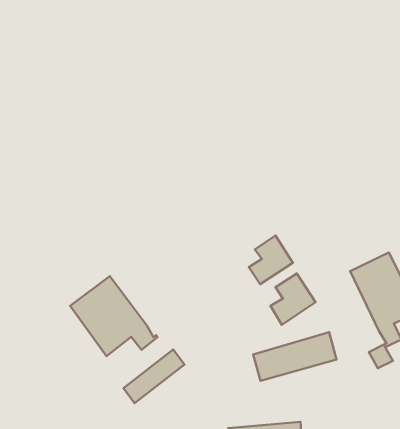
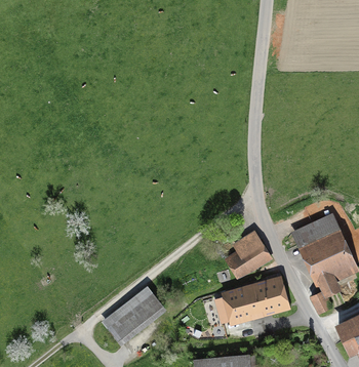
building: [249,235,293,284] -> none
building: [70,276,158,356] -> none

